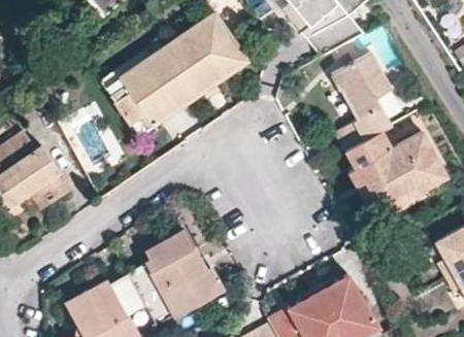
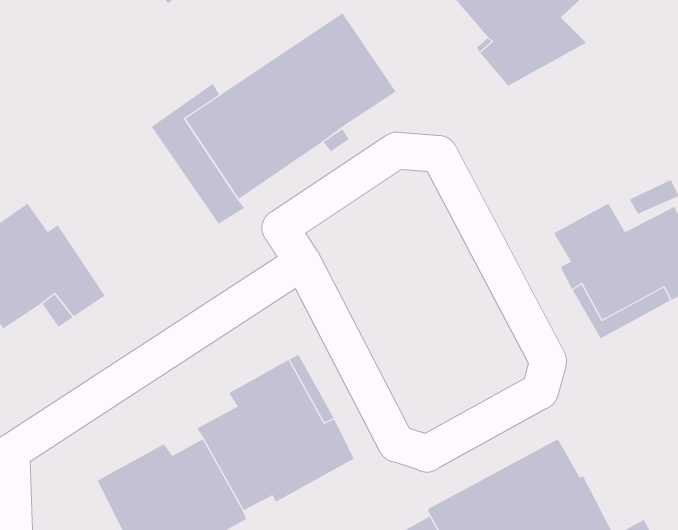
building: [330,52,391,148] -> none

